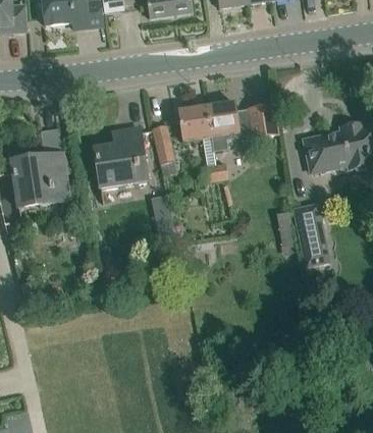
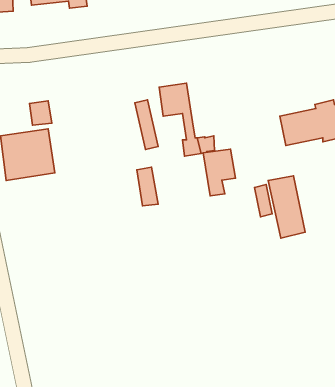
building: [206,102,239,151] -> [203,149,235,196]
building: [247,105,277,139] -> none
building: [94,127,147,190] -> none

